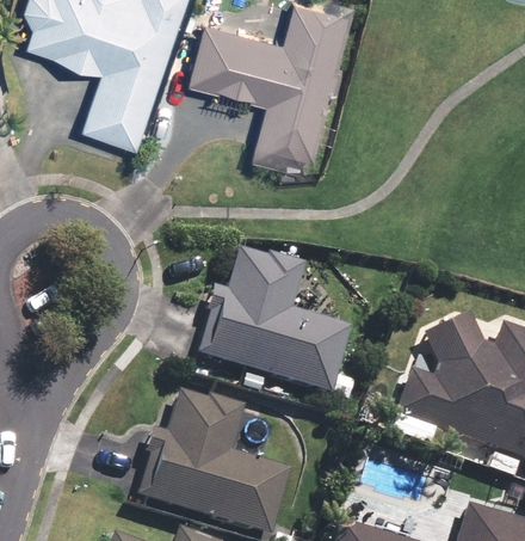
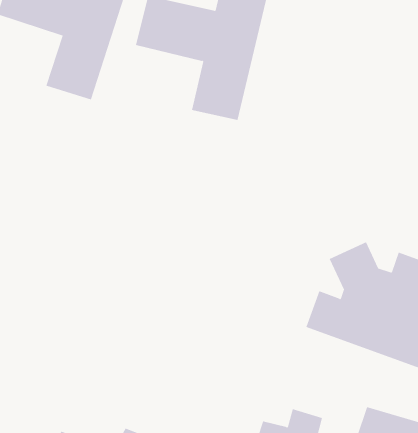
building: [197,248,351,400] -> none
building: [135,394,278,529] -> none

